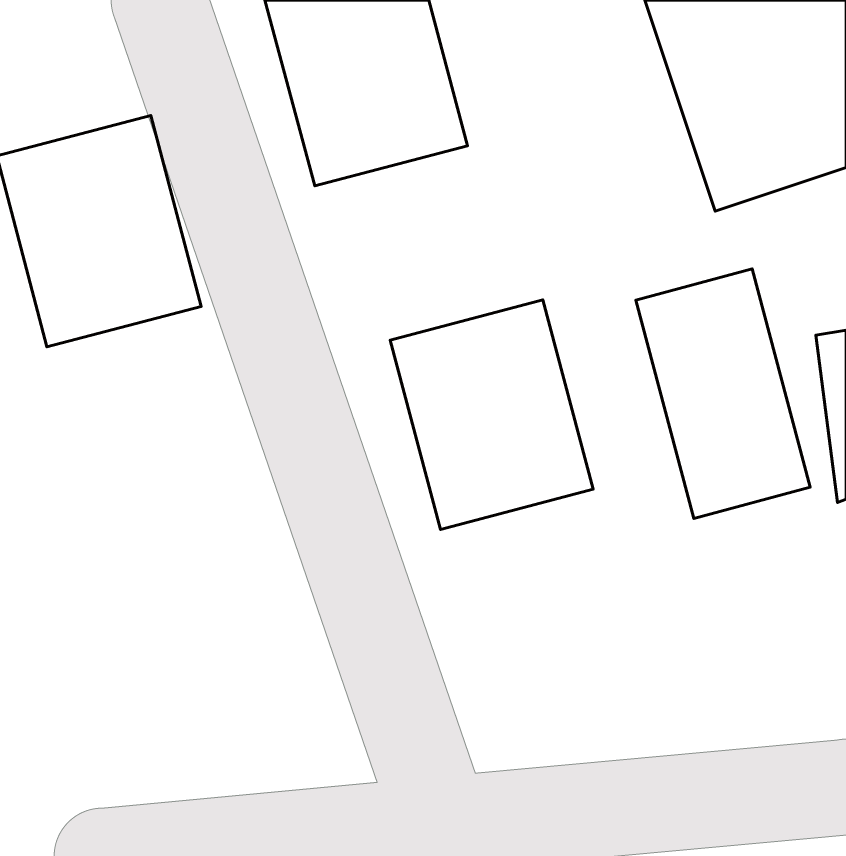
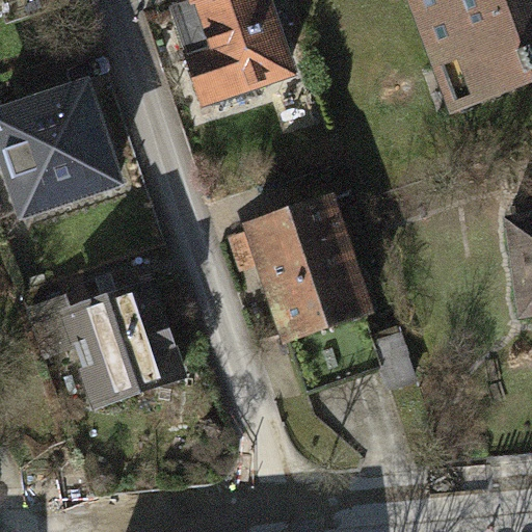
building: [636,269,810,518] -> none
building: none -> [54,264,180,407]

